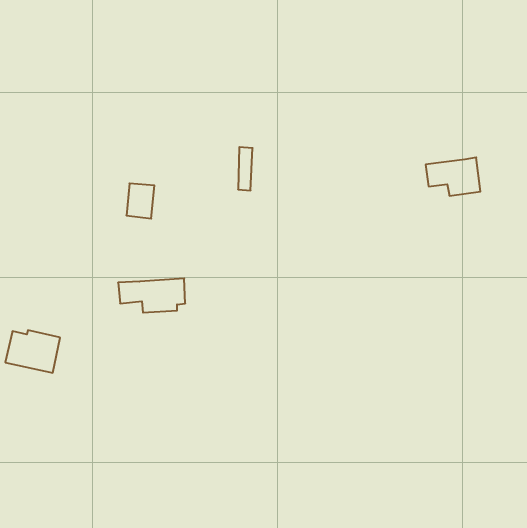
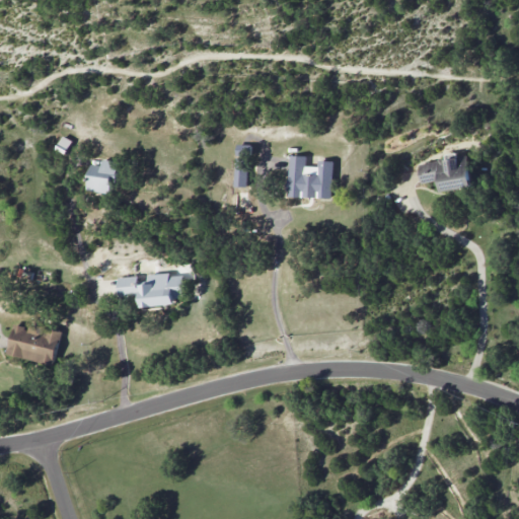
building: none -> [286,156,331,199]
building: [126,183,154,219] -> [87,160,115,195]

